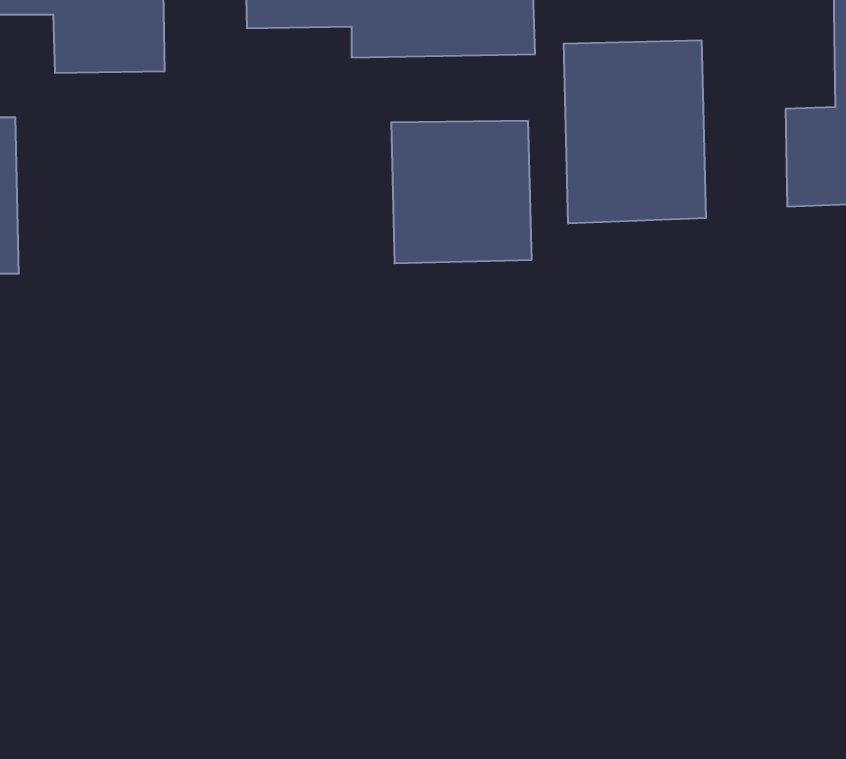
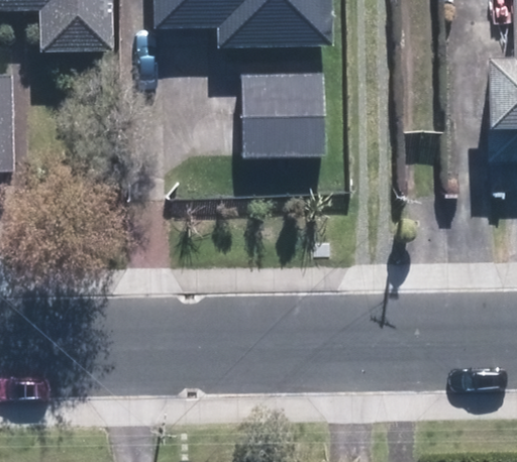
building: [564,40,706,224] -> none

